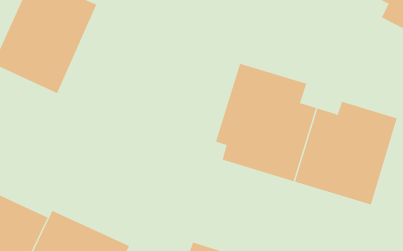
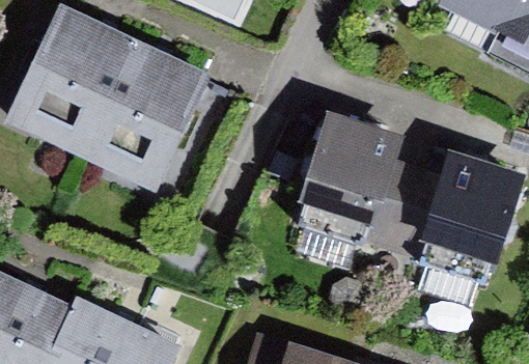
building: none -> [79,34,213,185]

